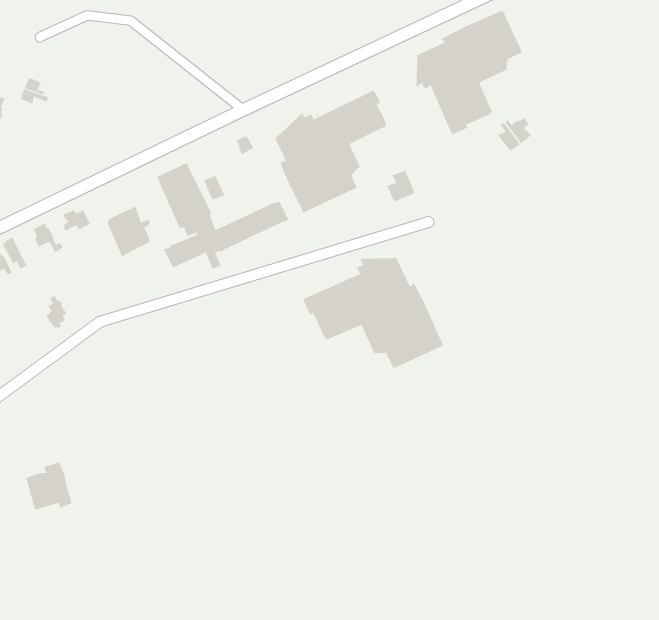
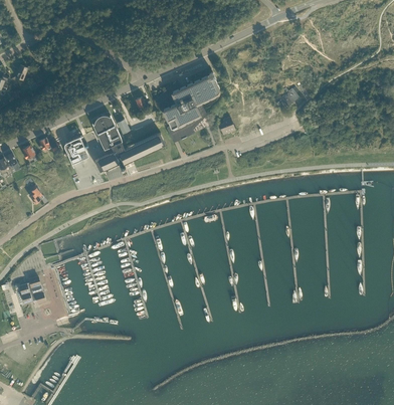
building: [415,10,523,135] -> none
building: [303,256,444,369] -> none

